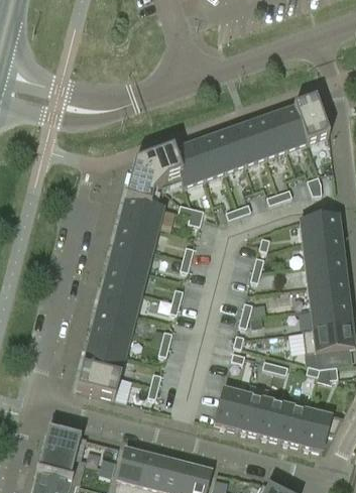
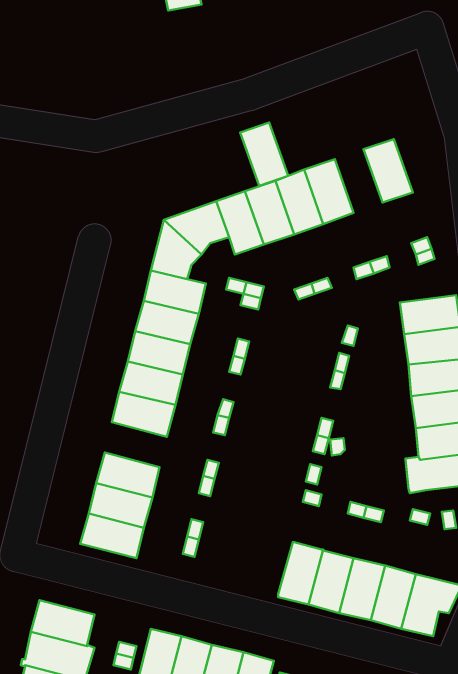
building: [295,93,329,141] -> none
building: [254,111,287,155] -> [240,122,288,186]
building: [94,301,137,333] -> none

